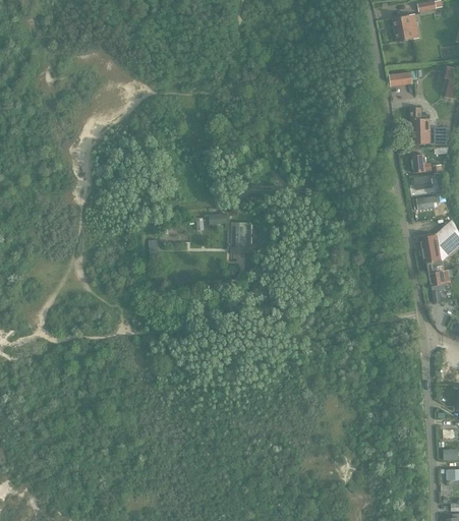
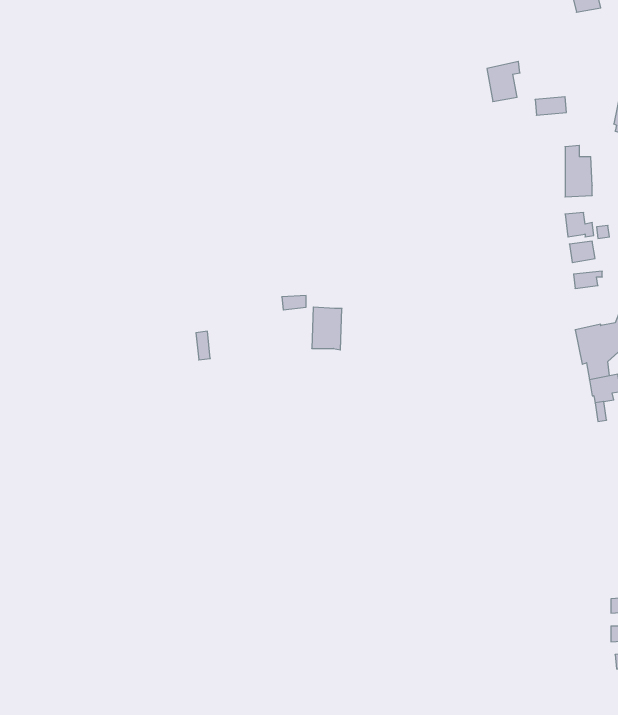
building: [392,13,415,42] -> [487,61,520,102]

